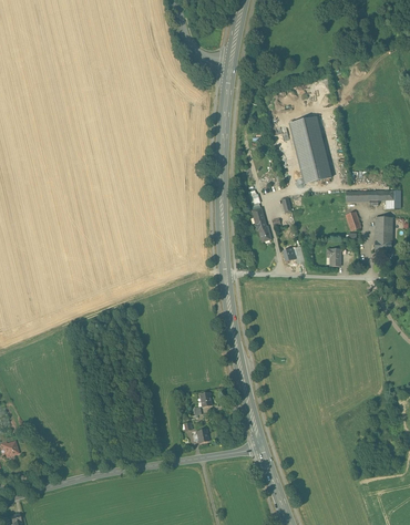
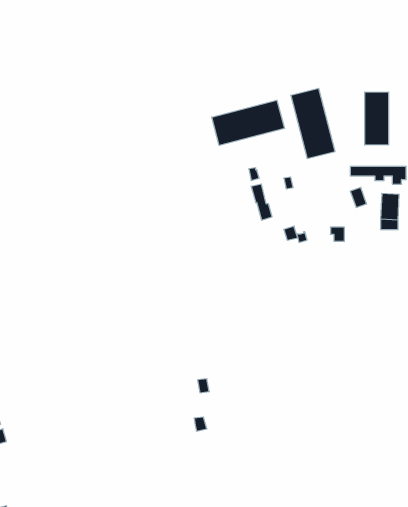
building: none -> [365,92,388,145]
building: none -> [212,100,284,145]

